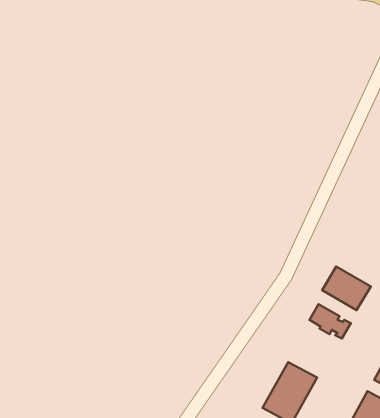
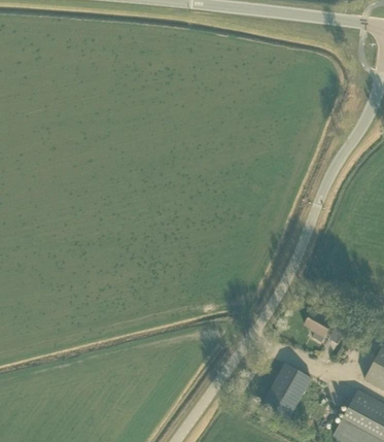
building: [322,267,371,310] -> none

